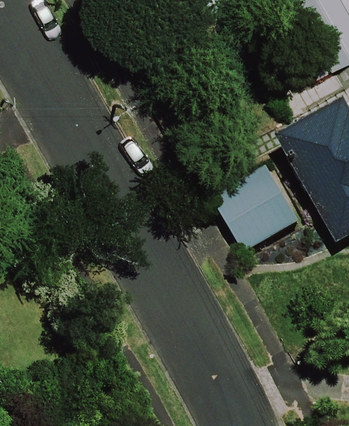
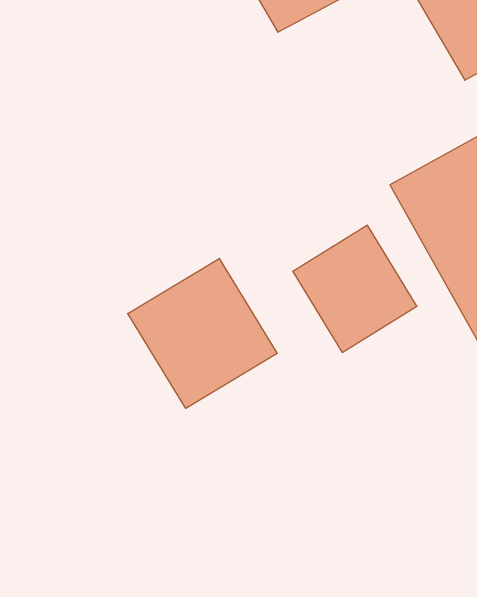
building: none -> [128,258,277,408]

